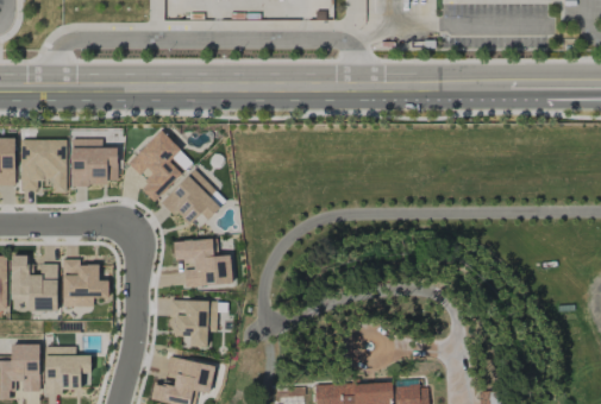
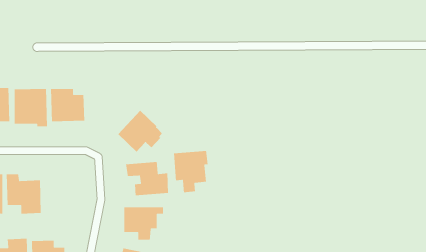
building: [127,131,193,201] -> none
building: none -> [173,150,208,193]
building: [62,259,109,307] -> none

